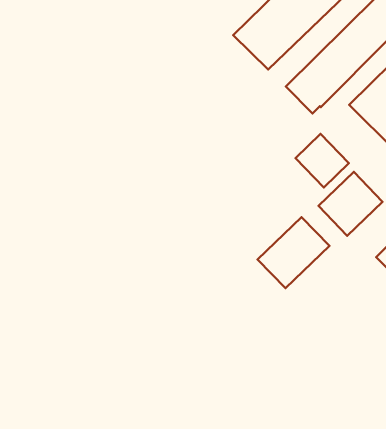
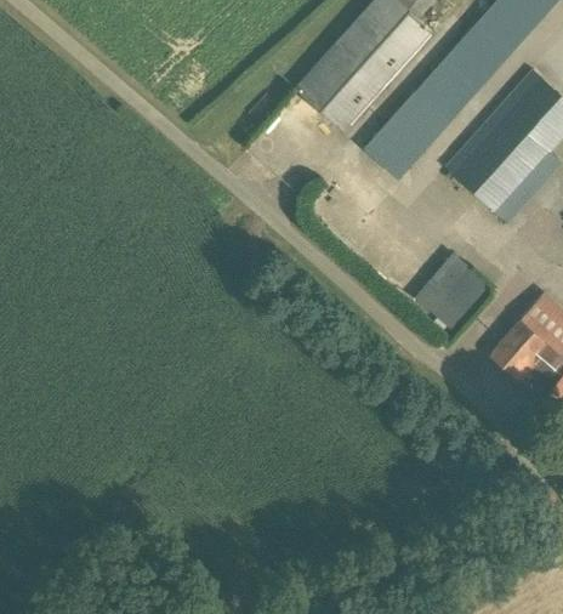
building: [296,134,349,188] -> none
building: [257,217,330,288] -> none

